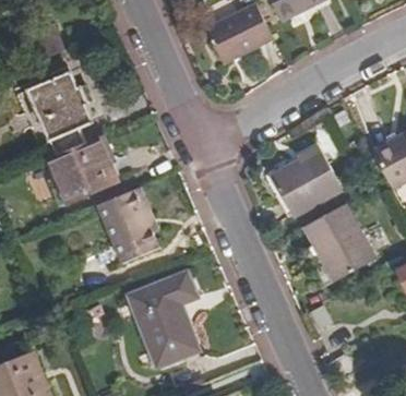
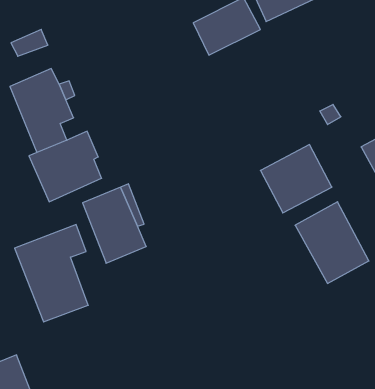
building: [129,271,201,365] -> [15,225,88,322]

